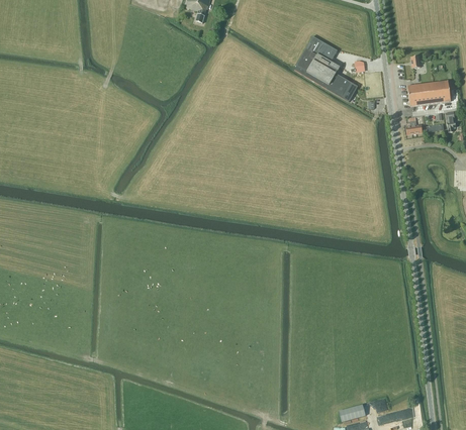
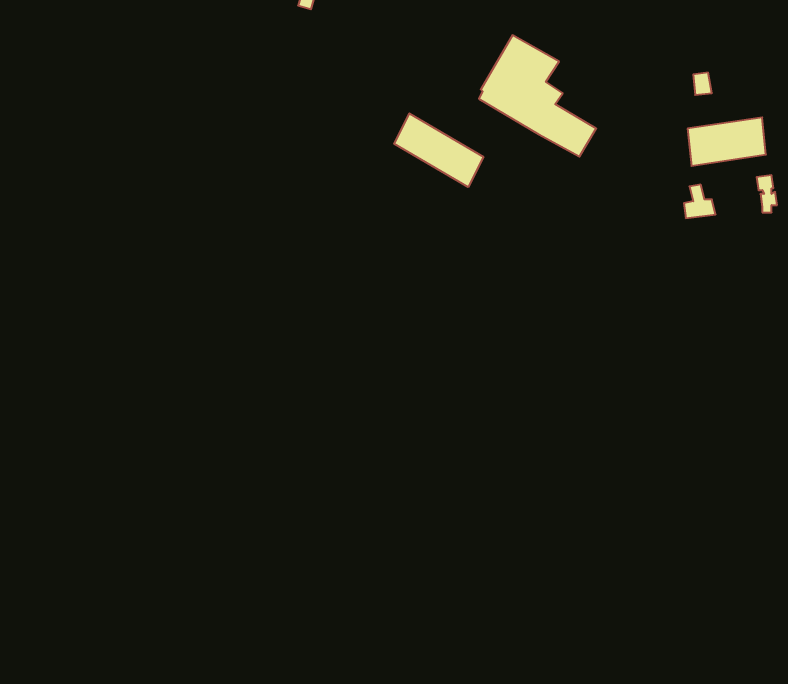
building: none -> [394,113,483,187]

